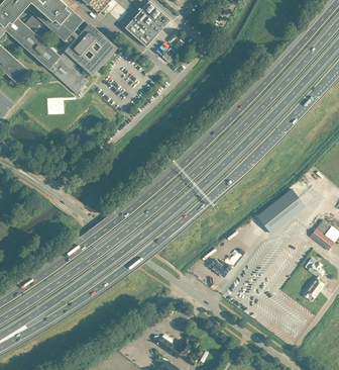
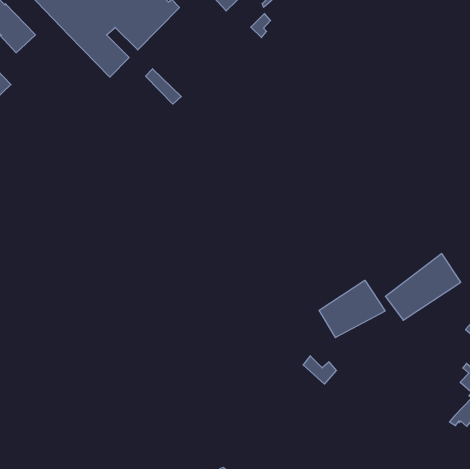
building: none -> [319,280,385,338]

